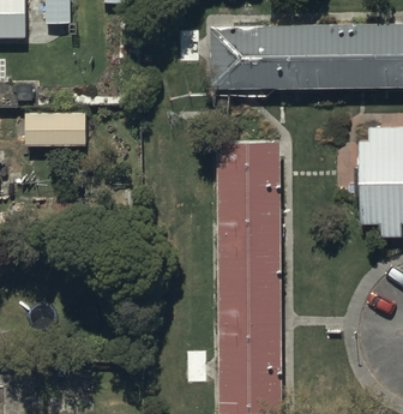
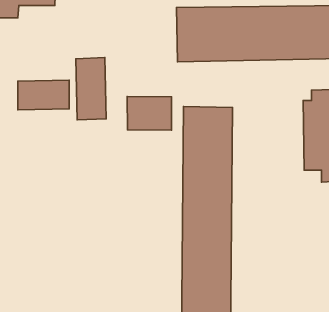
building: none -> [76,58,106,120]
building: none -> [127,97,172,130]

